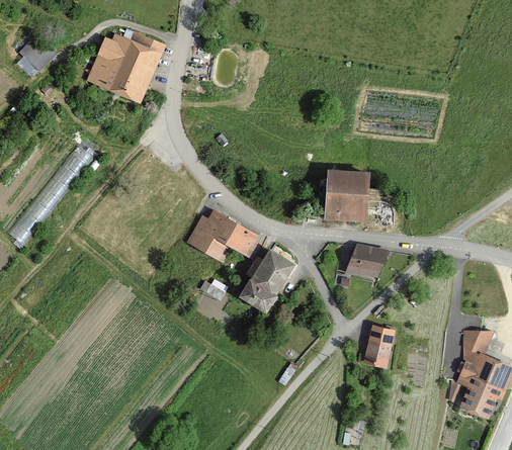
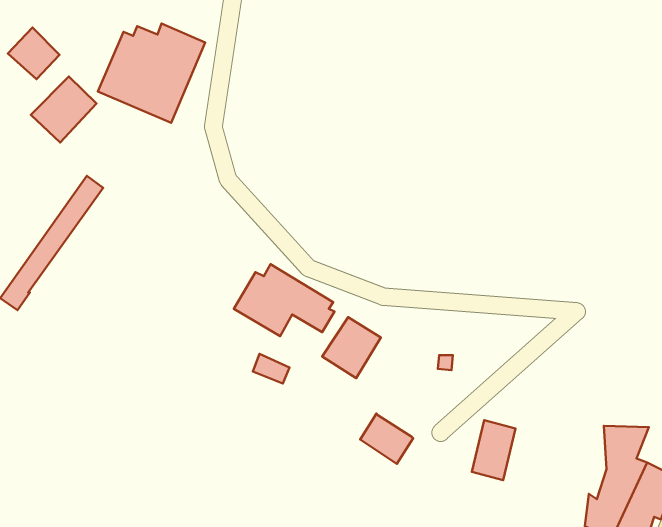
building: none -> [31,77,96,143]
building: [323,169,370,221] -> none
building: [344,244,385,276] -> none
building: [239,276,278,313] -> [360,414,413,464]

